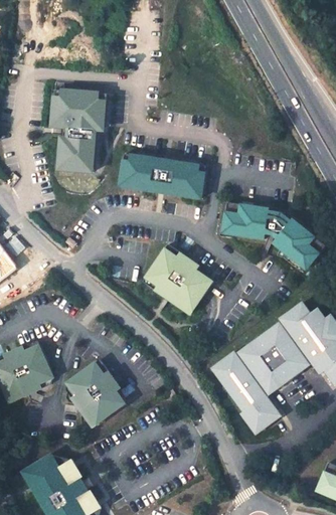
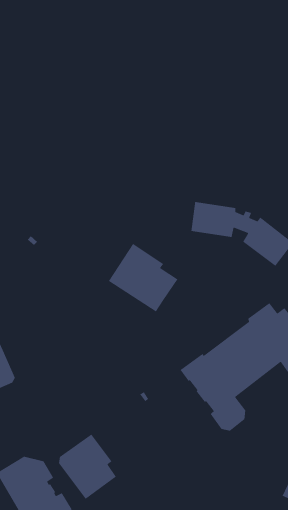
building: [56,82,108,175] -> none
building: [119,156,204,199] -> none
building: [60,359,119,425] -> [58,433,117,500]

